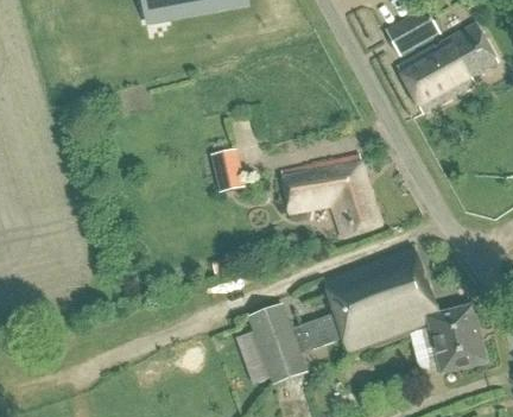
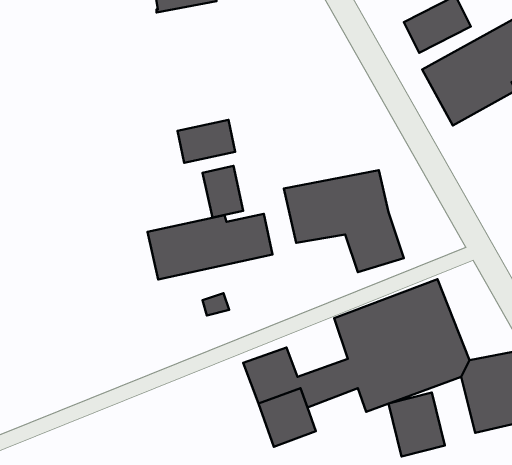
building: none -> [177,120,235,163]
building: none -> [148,214,273,280]
building: none -> [389,393,445,457]

